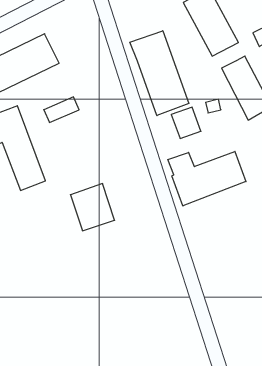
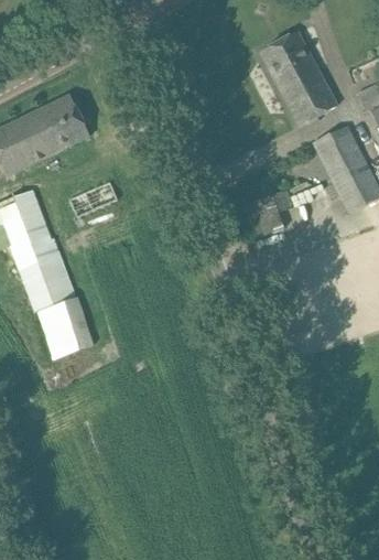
building: [130,31,189,116] -> none
building: [168,151,246,206] -> none
building: [70,184,115,231] -> [34,298,95,363]

